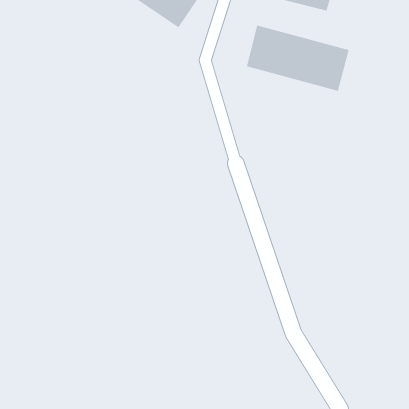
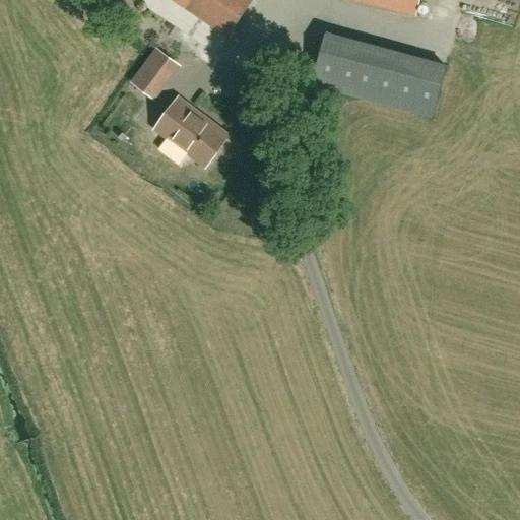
building: none -> [131,47,181,100]
building: none -> [154,98,228,167]

